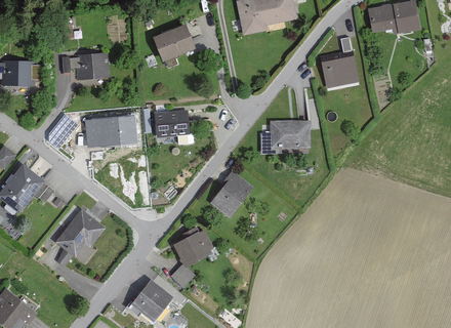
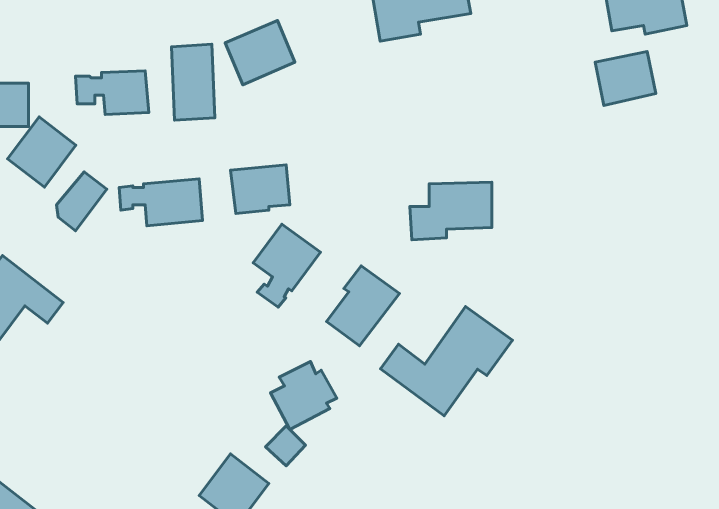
building: none -> [172,44,215,120]
building: [325,55,361,87] -> [595,52,656,106]
building: none -> [8,117,76,187]
building: none -> [253,224,320,307]
building: none -> [380,307,513,416]
building: [54,209,105,266] -> none

